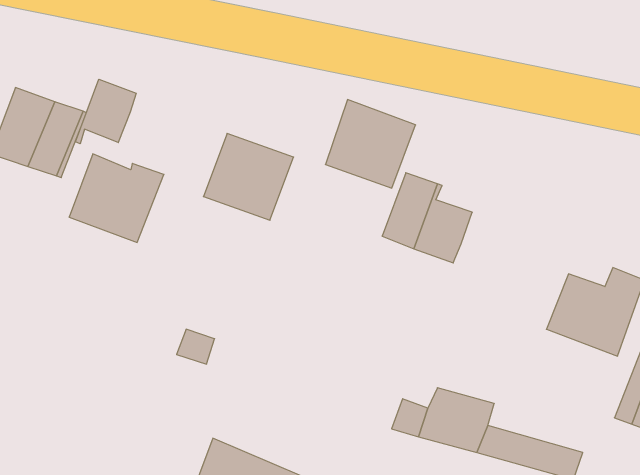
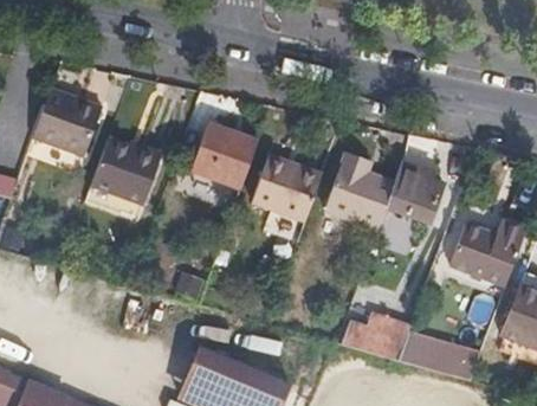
building: [76,79,136,144] -> none
building: [325,100,416,188] -> [254,153,322,219]
building: none -> [386,160,444,220]

